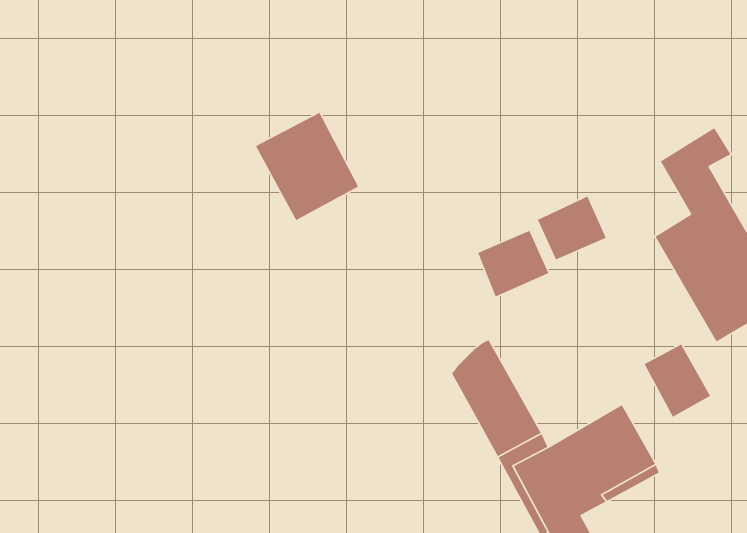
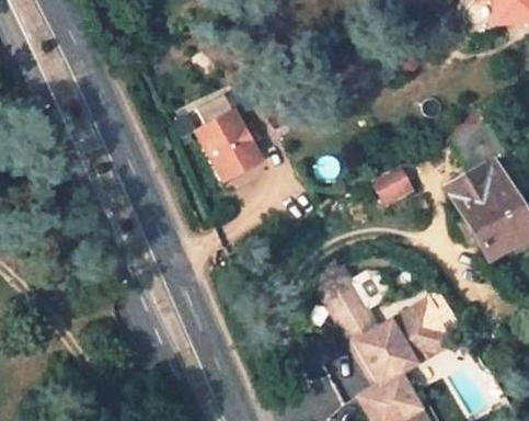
building: [477,230,549,298] -> none
building: [644,343,711,418] -> none

